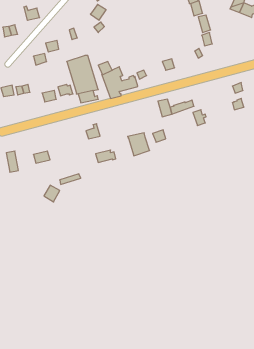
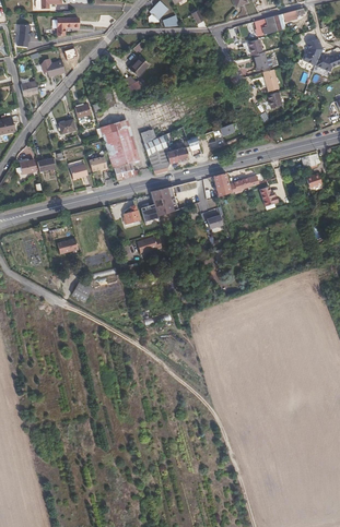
building: [128,133,150,156] -> [150,187,177,215]

